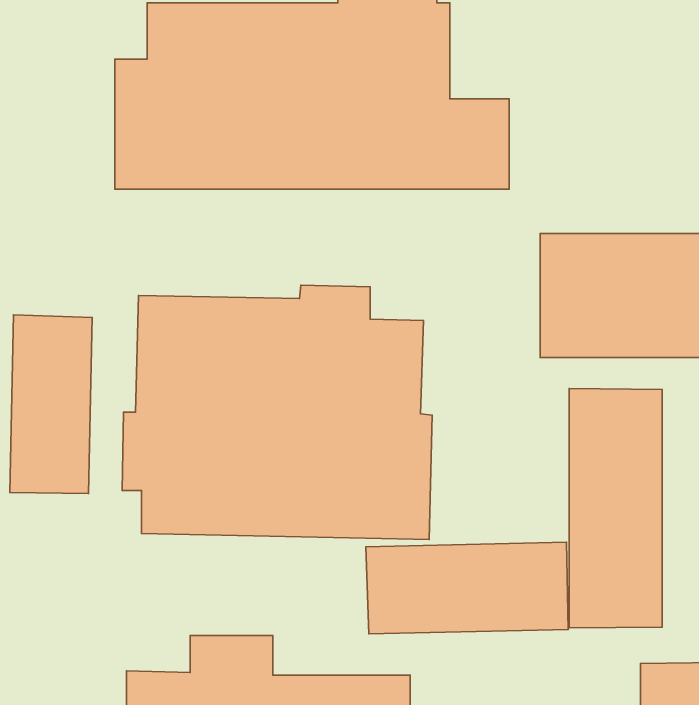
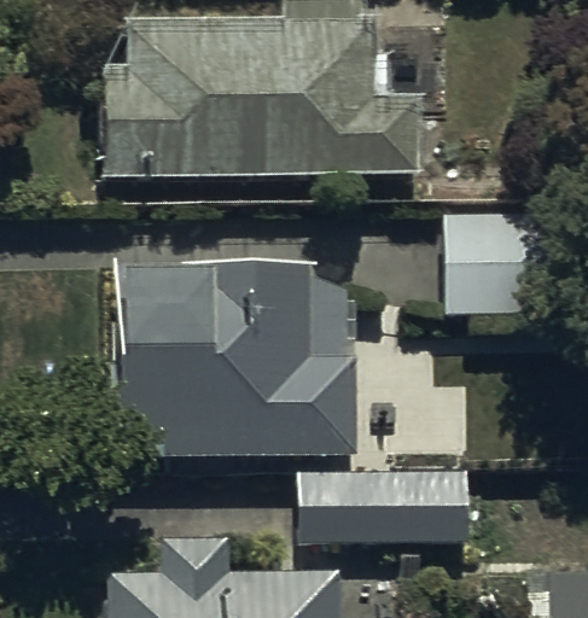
building: [10,315,92,494] -> none
building: [569,388,662,628] -> none

